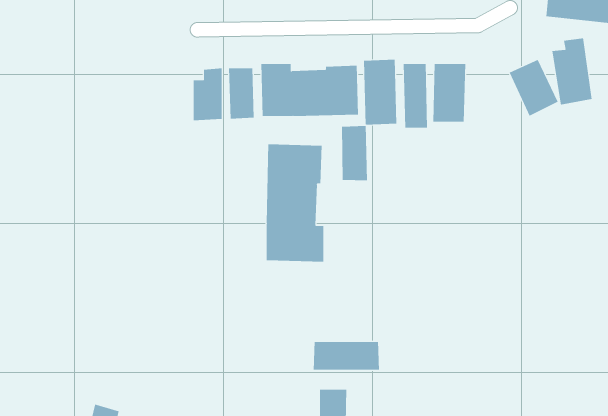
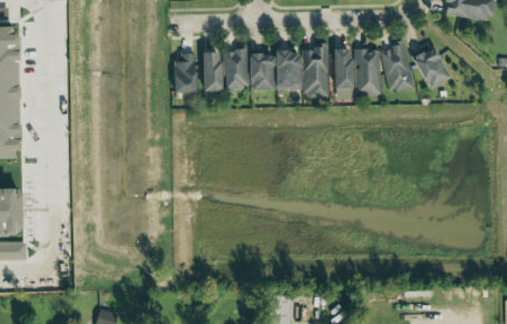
building: [551,38,593,105] -> [382,40,413,91]
building: [341,125,367,181] -> none
building: [266,143,324,262] -> none
building: [313,341,380,370] -> none

